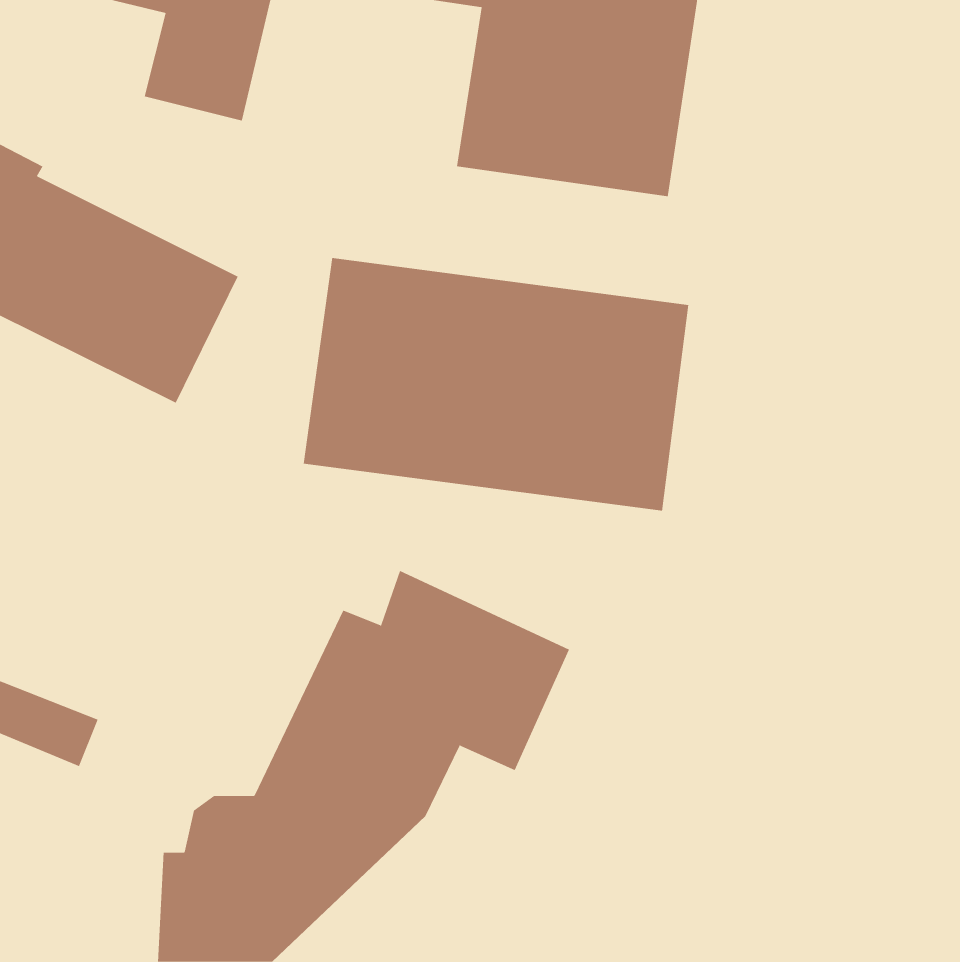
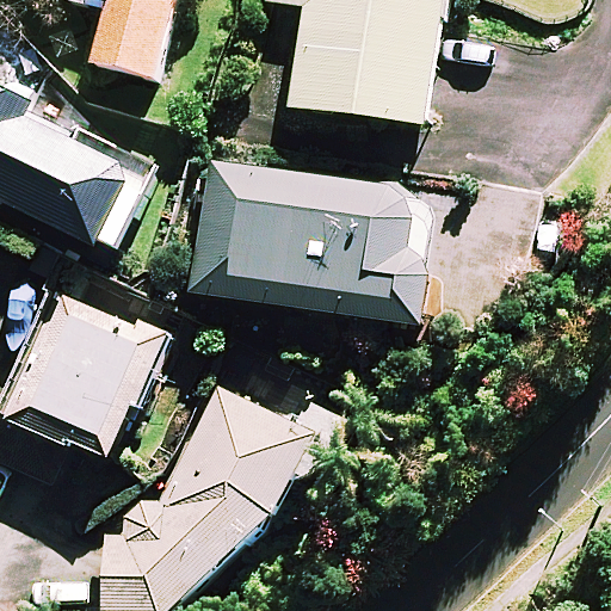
building: none -> [8,297,163,459]

